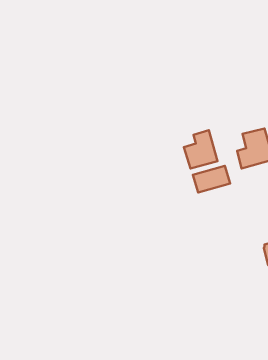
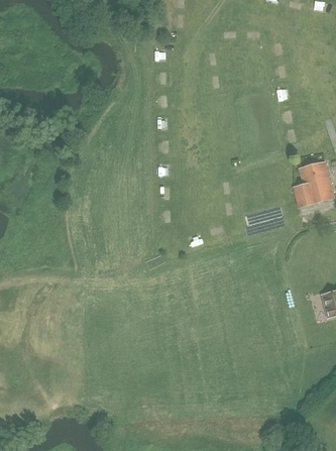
building: [184,130,218,169] -> none

